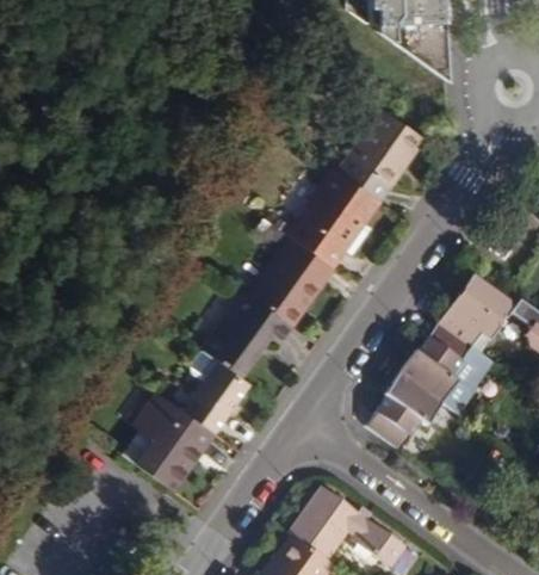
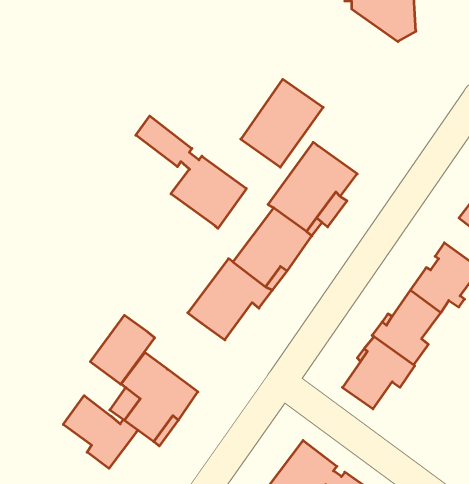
building: [342,107,429,200] -> [241,79,323,167]
building: none -> [136,116,246,228]
building: [184,358,252,431] -> [90,315,155,384]
building: none -> [63,396,138,468]

